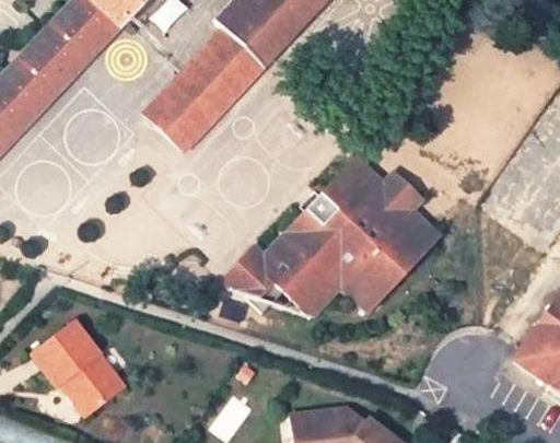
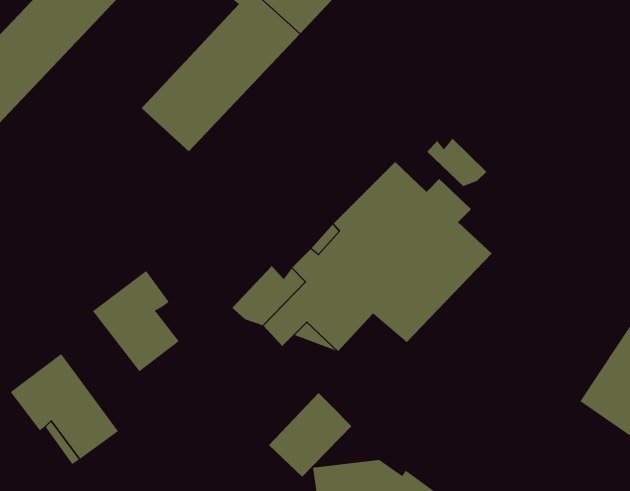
building: none -> [426,138,487,187]
building: none -> [92,270,180,372]
building: none -> [268,392,352,478]

